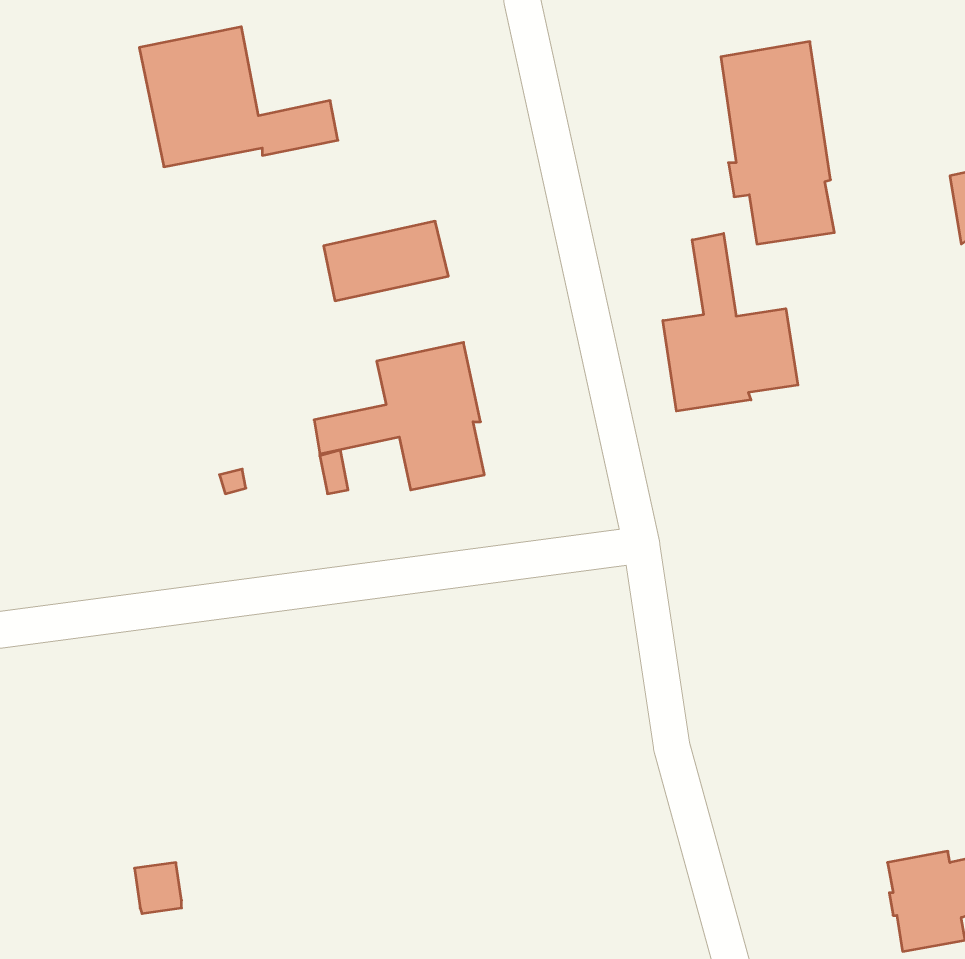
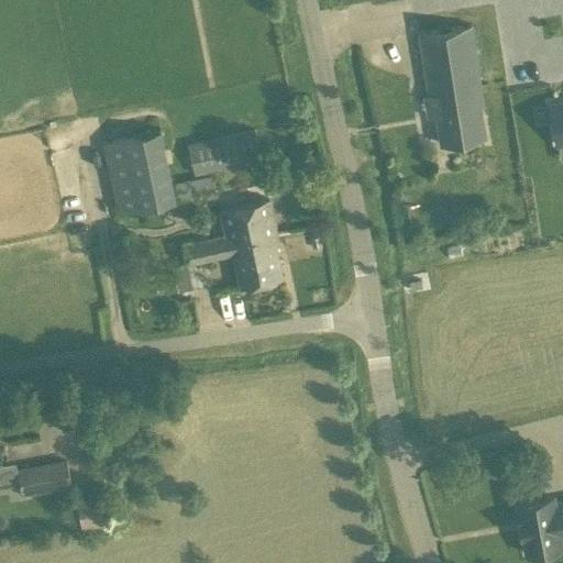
building: [139,27,338,167] -> [102,134,218,216]
building: [663,233,798,411] -> none
building: none -> [16,462,71,497]

